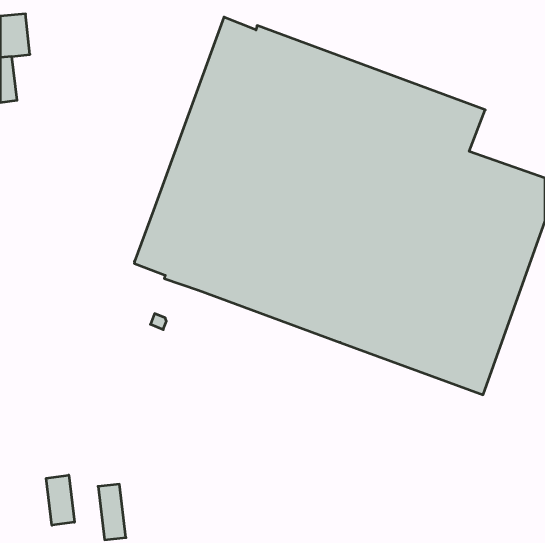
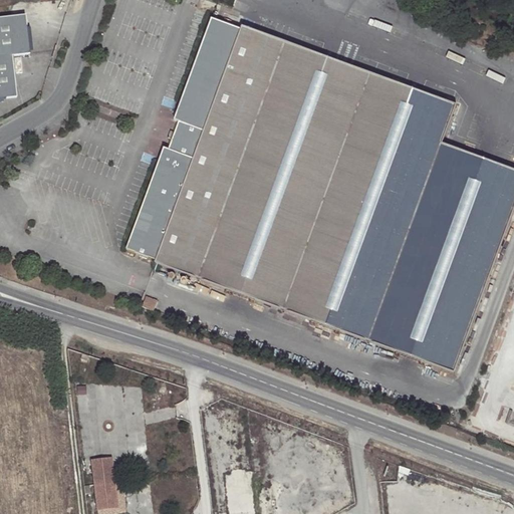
building: [46,475,74,525] -> none

